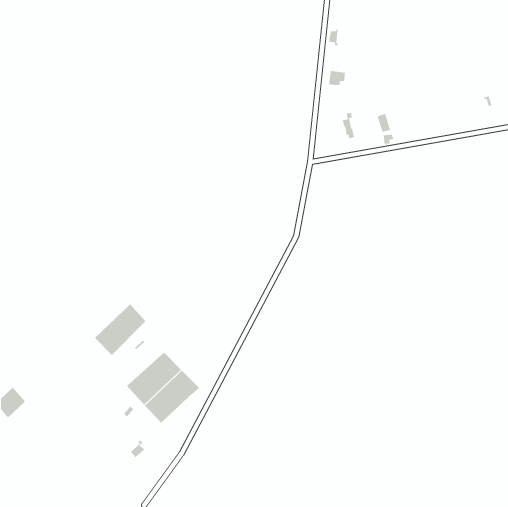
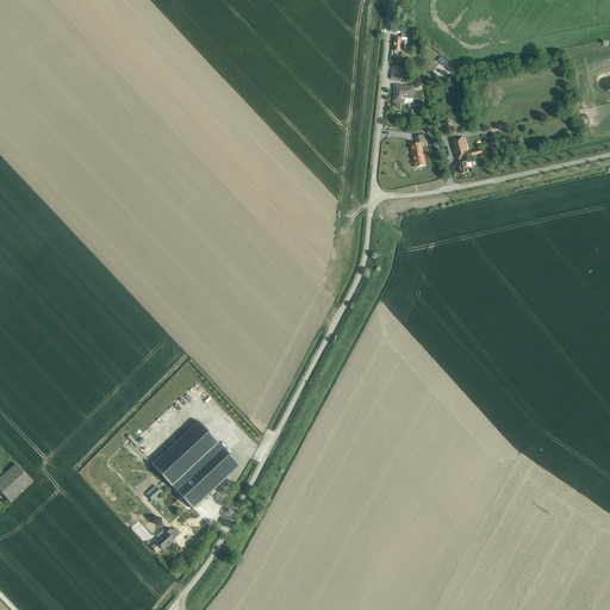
building: [94,303,146,356] -> none

